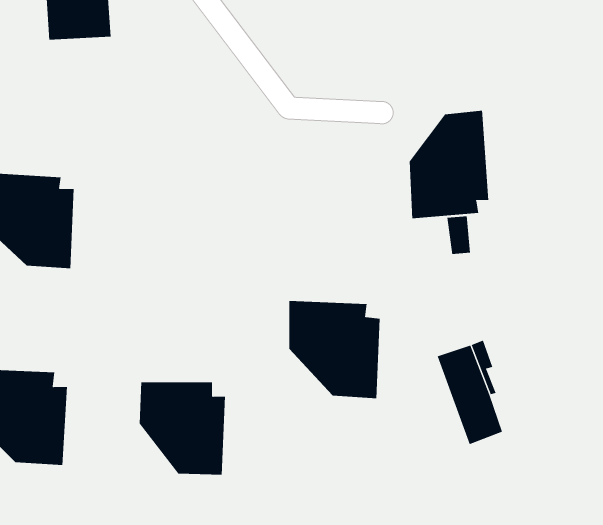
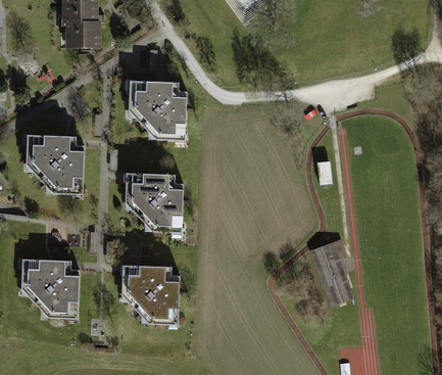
building: none -> [127,79,186,142]
building: [409,110,489,219] -> none
building: [289,301,380,399] -> [125,172,183,234]

